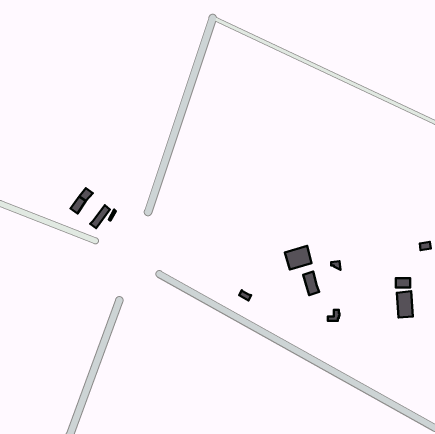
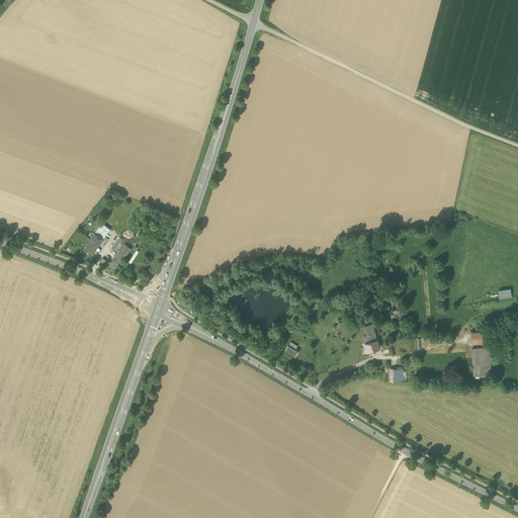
building: [285,246,311,269] -> none

